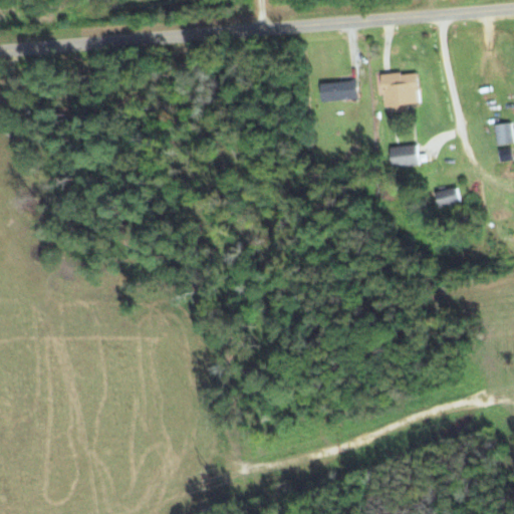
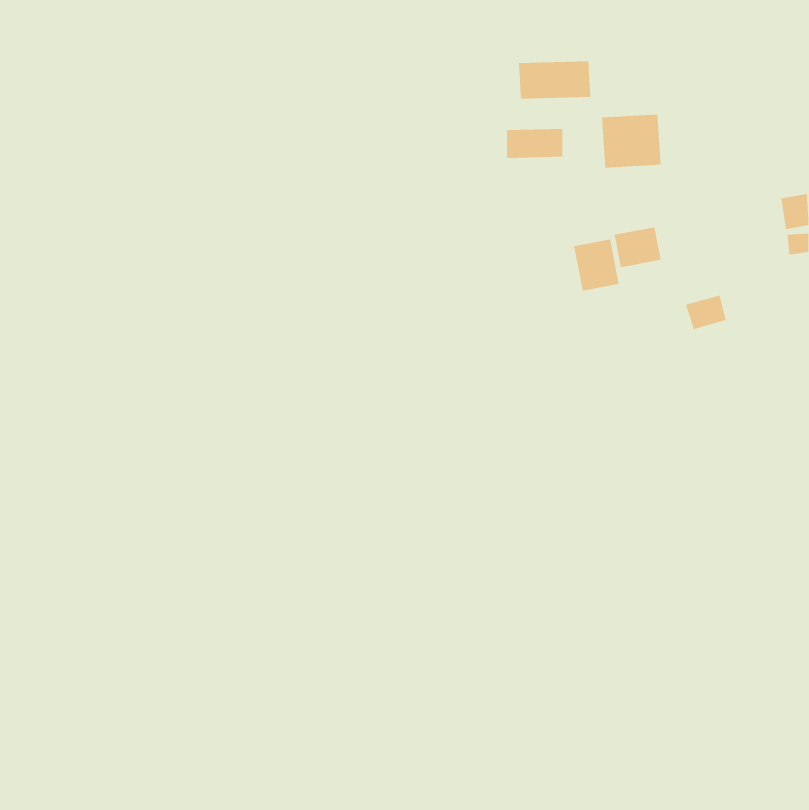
building: none -> [519,61,591,99]
building: none -> [574,239,619,291]

